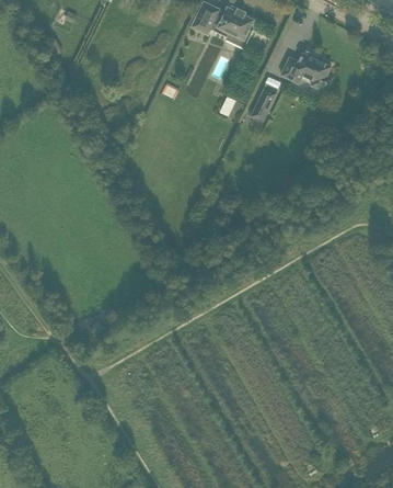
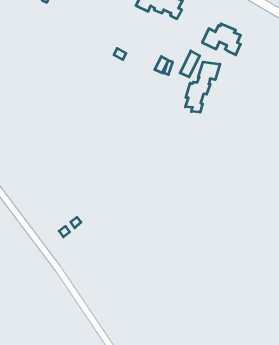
building: none -> [185,62,220,112]

